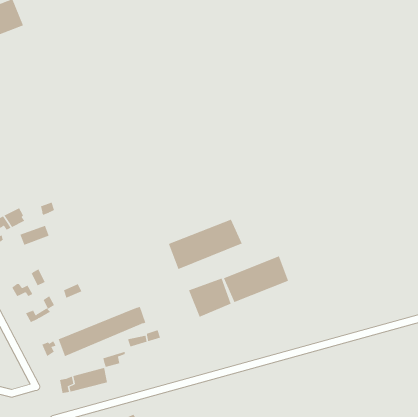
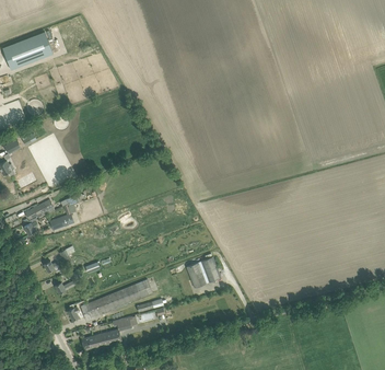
building: [168,219,242,270] -> none
building: [223,256,289,303] -> none

